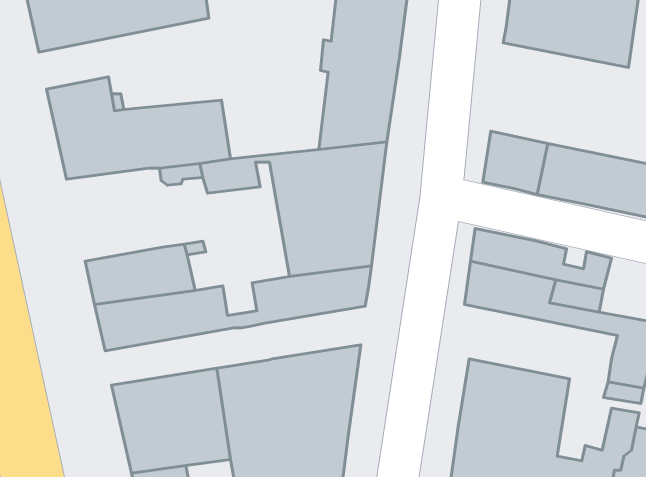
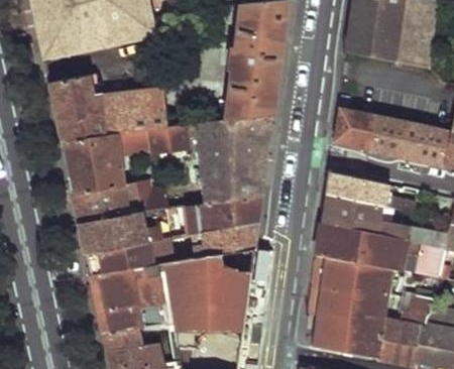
building: none -> [62,133,124,194]
building: none -> [316,222,421,271]
building: none -> [191,223,256,257]
building: none -> [87,237,174,274]

